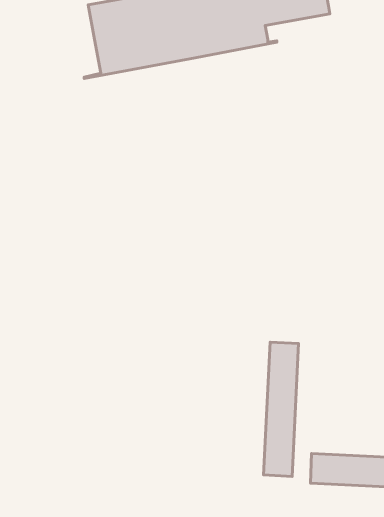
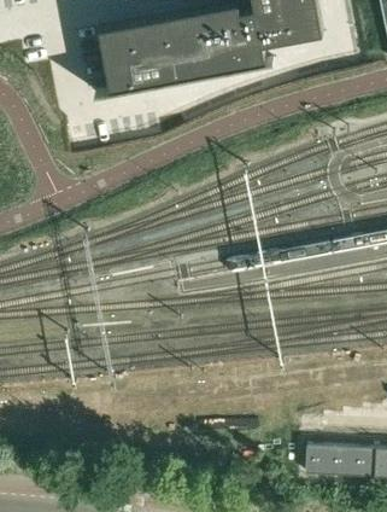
building: [264,342,299,476] -> none

